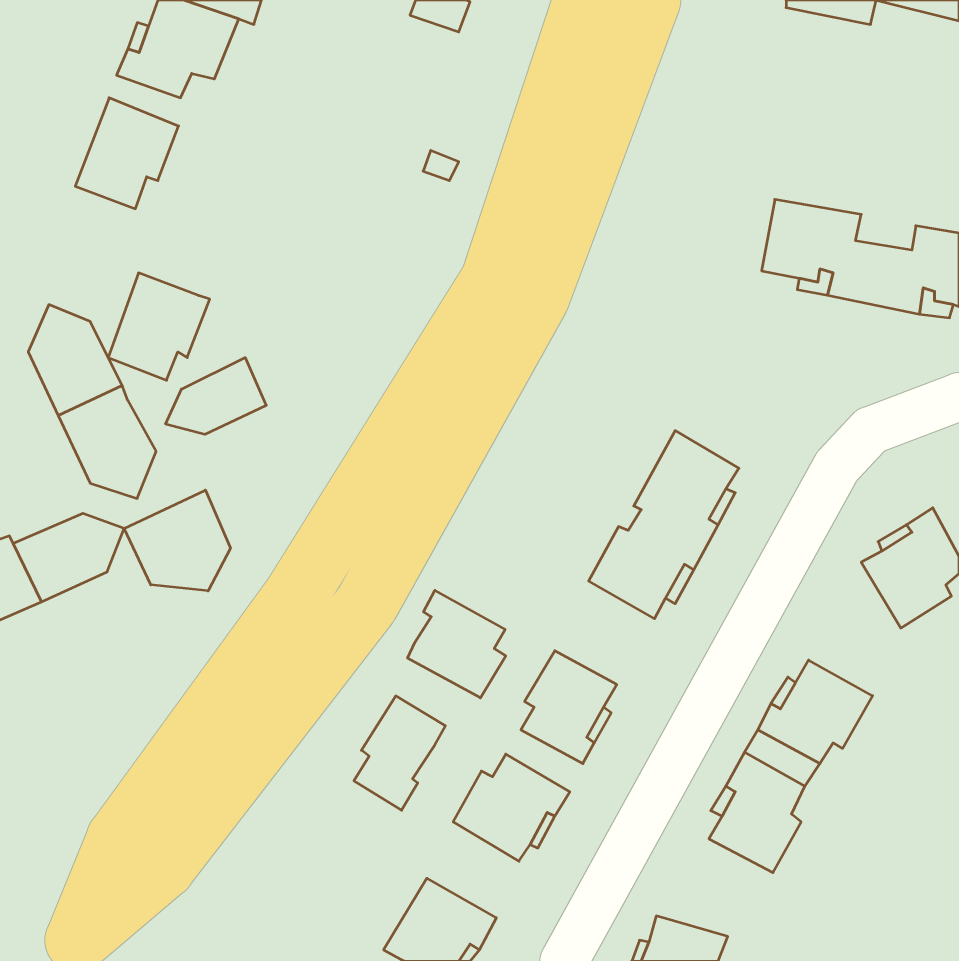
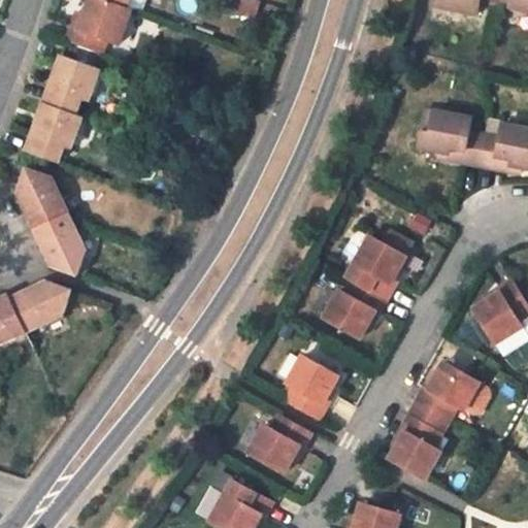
building: [108,273,210,380] -> [25,102,80,161]
building: [166,358,266,434] -> none
building: [124,490,230,591] -> none
building: [408,590,506,698] -> none
building: [354,696,445,810] -> none

